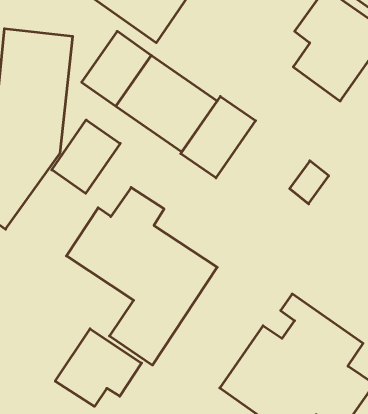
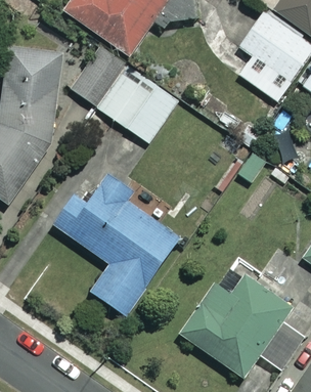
building: [181,96,256,178] -> none
building: [52,120,120,193] -> none
building: [55,329,142,406] -> none

